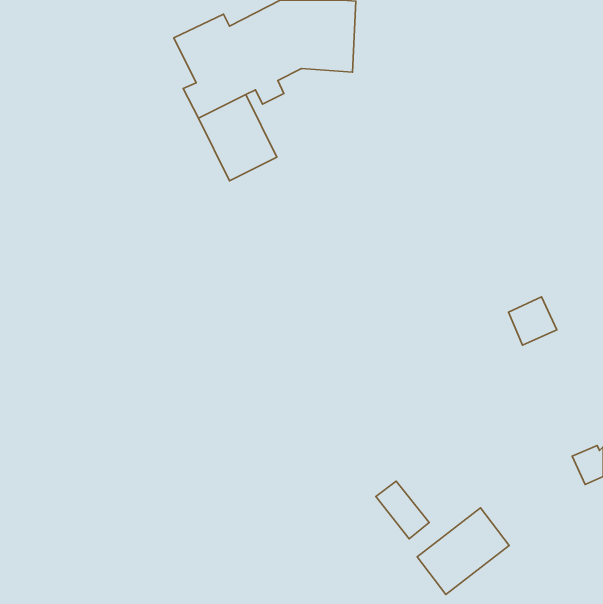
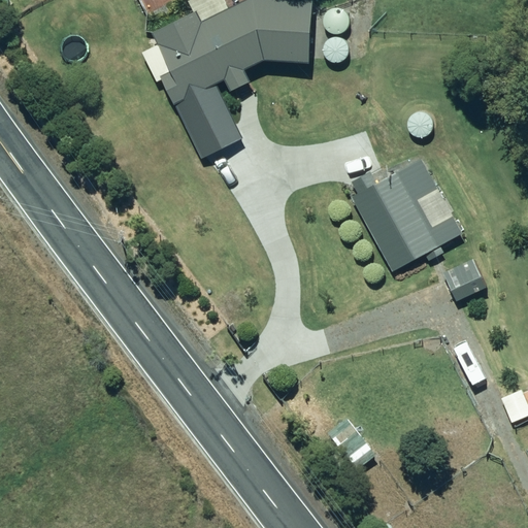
building: none -> [350,158,461,270]
building: [417,508,509,595] -> none

